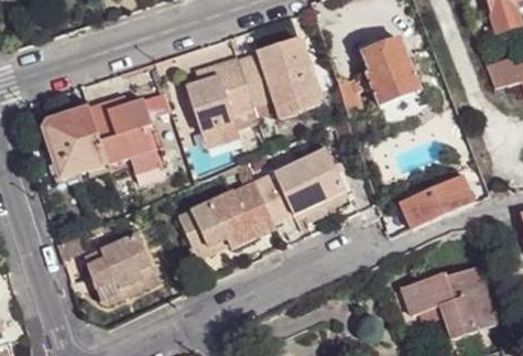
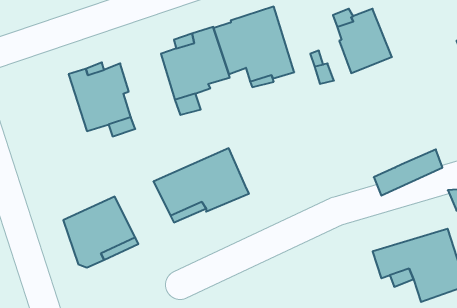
building: [41,105,108,180] -> none
building: [253,147,346,223] -> none

